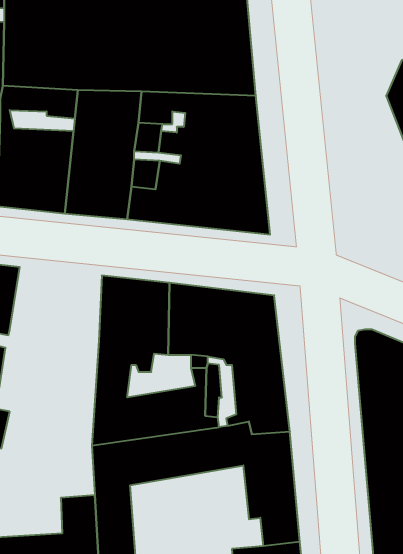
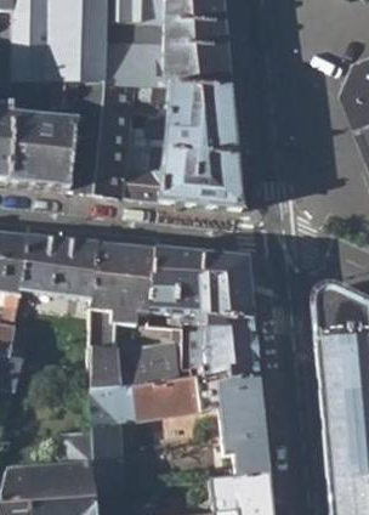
building: none -> [18,236,97,299]

